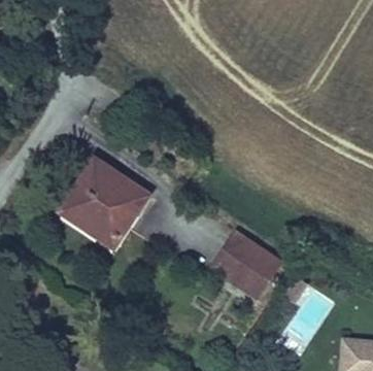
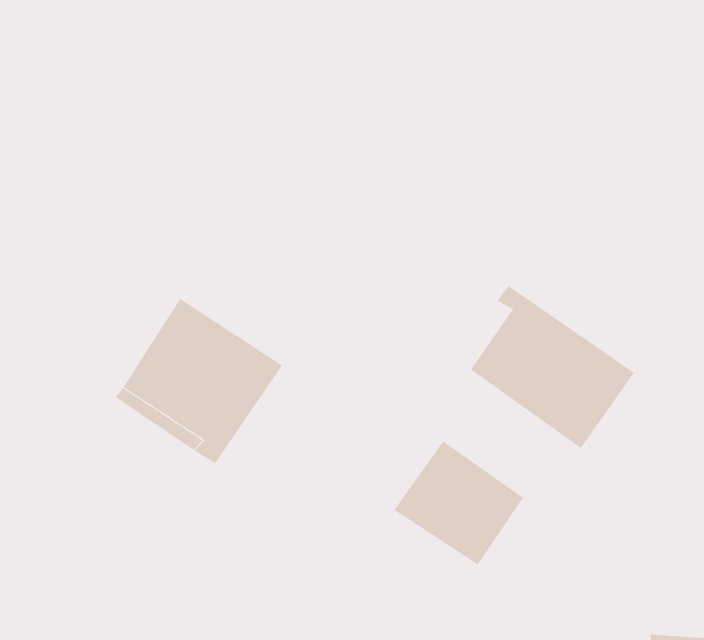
building: none -> [470,285,635,449]

